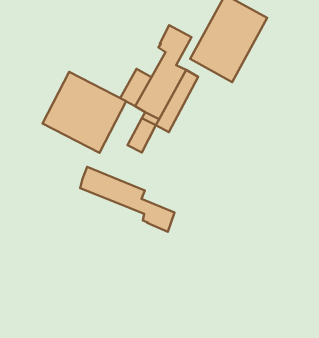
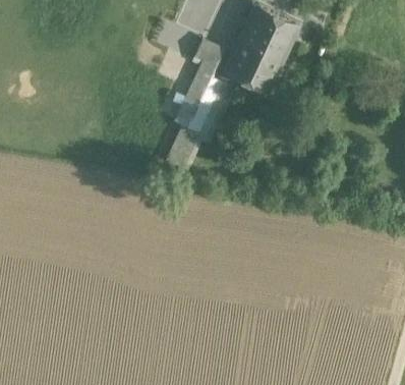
building: [43,72,126,153] -> none
building: [80,167,174,232] -> none

